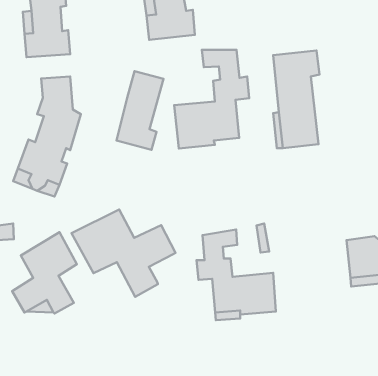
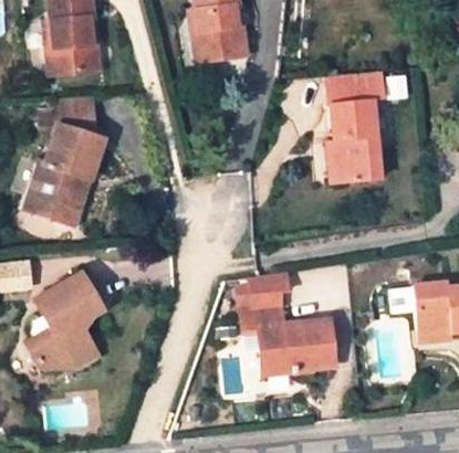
building: [174,50,249,149] -> none
building: [116,71,163,150] -> none
building: [72,209,175,297] -> none

